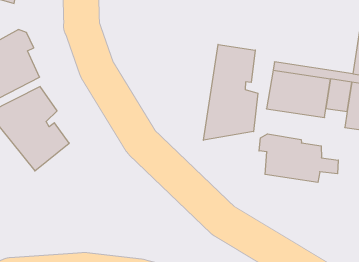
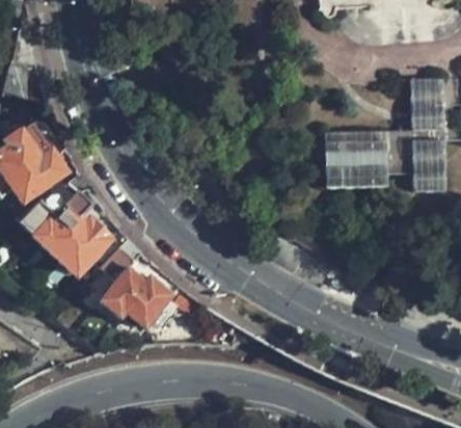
building: [203,44,258,140] -> none
building: [259,134,338,182] -> none
building: none -> [102,255,175,339]

